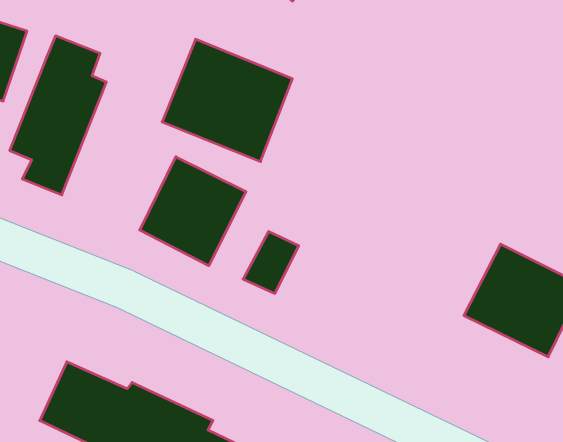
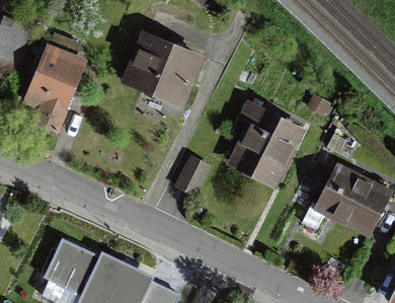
building: none -> [225,102,302,186]
building: [140,157,246,266] -> none

